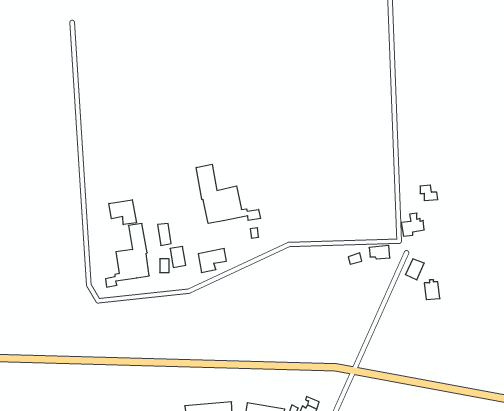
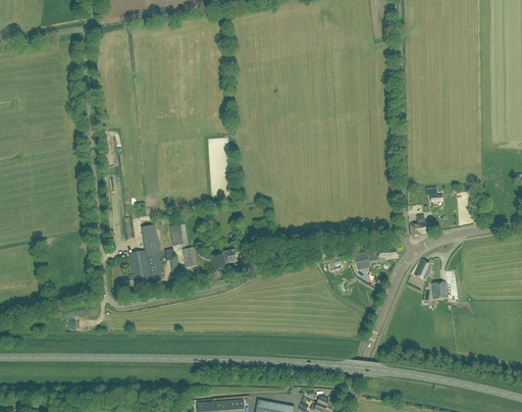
building: [196,164,261,223] -> none
building: [109,200,136,225] -> none

